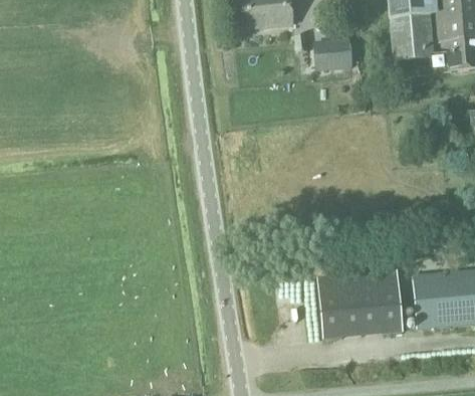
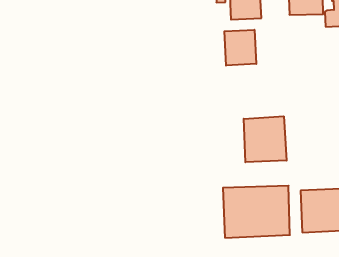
building: none -> [224,30,256,66]
building: none -> [244,116,287,162]

